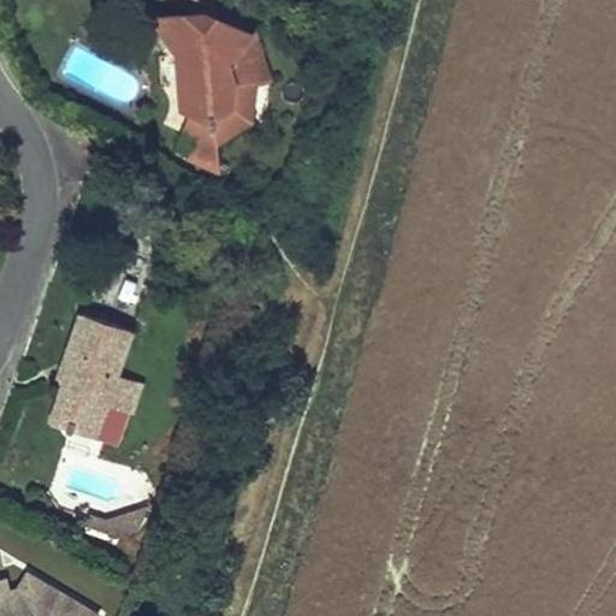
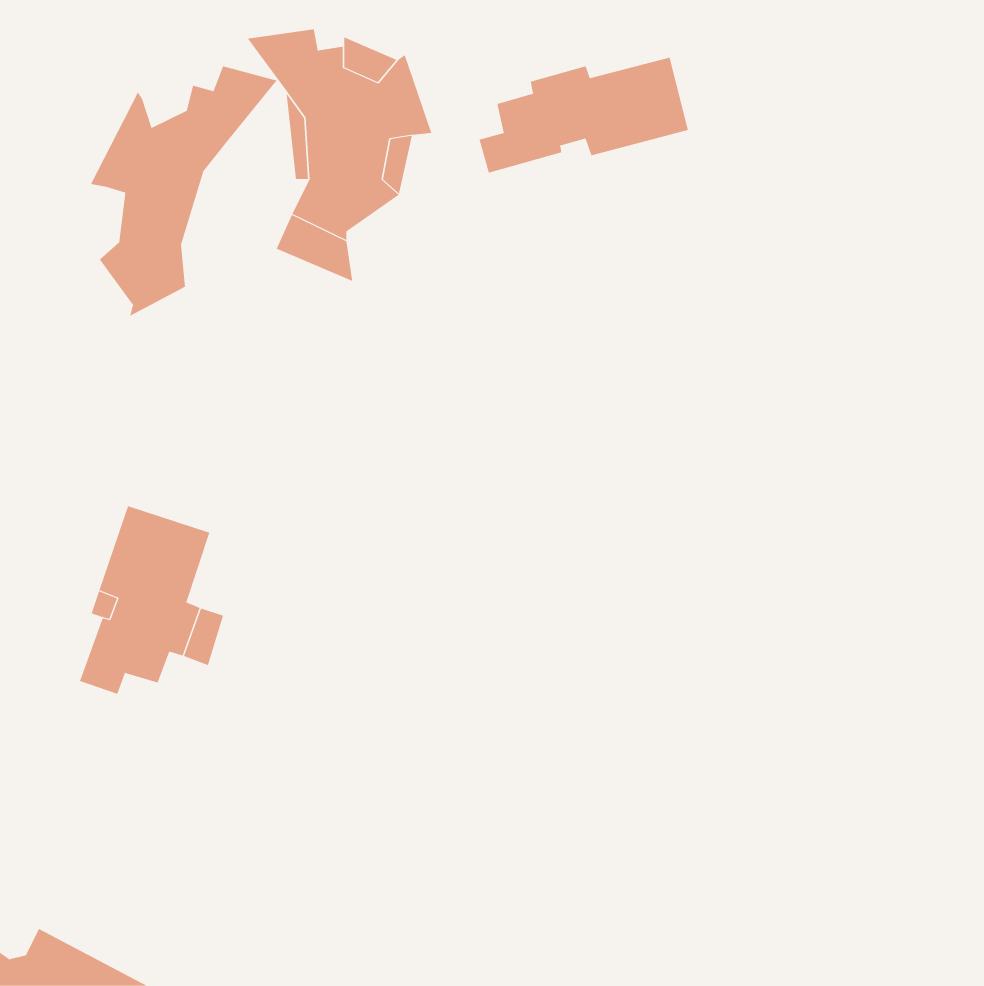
building: none -> [479,57,689,174]
building: none -> [90,66,278,317]

